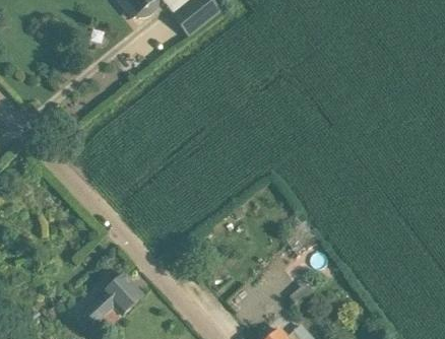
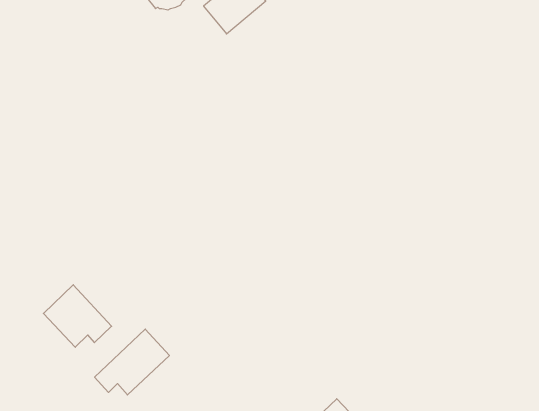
building: none -> [43,285,112,347]

